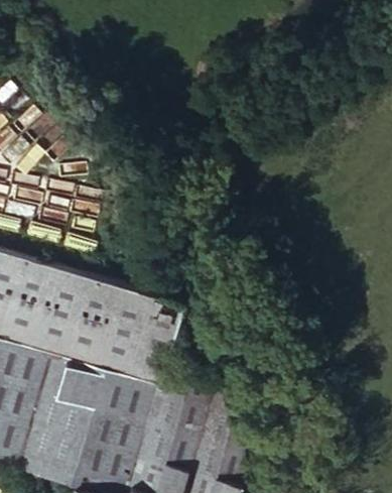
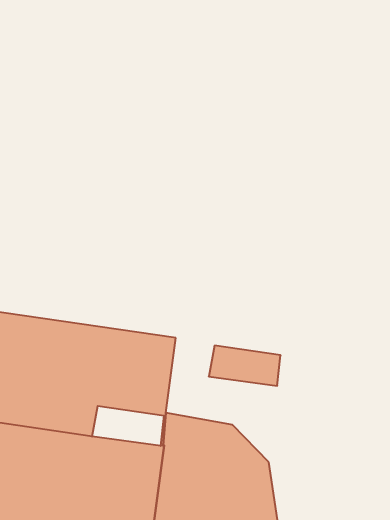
building: [97,354,157,393] -> [209,346,281,386]

